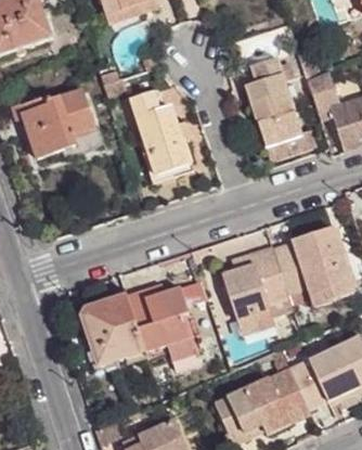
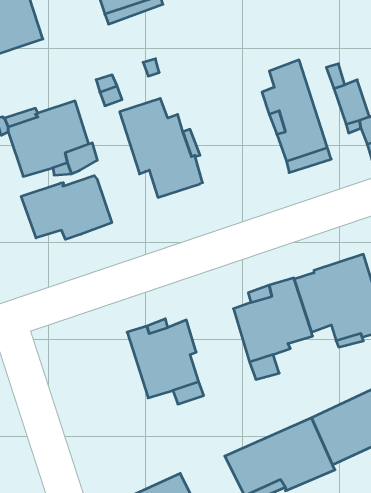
building: none -> [21,176,112,239]
building: [79,293,145,367] -> none

